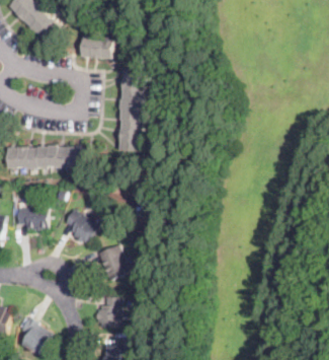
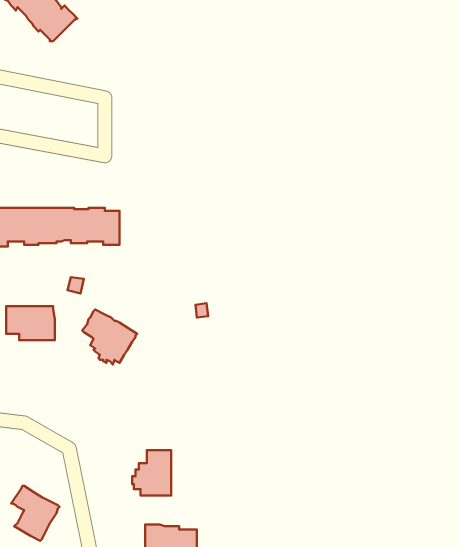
building: [81,34,112,59] -> none
building: [118,69,144,151] -> none
building: [96,244,127,280] -> none

